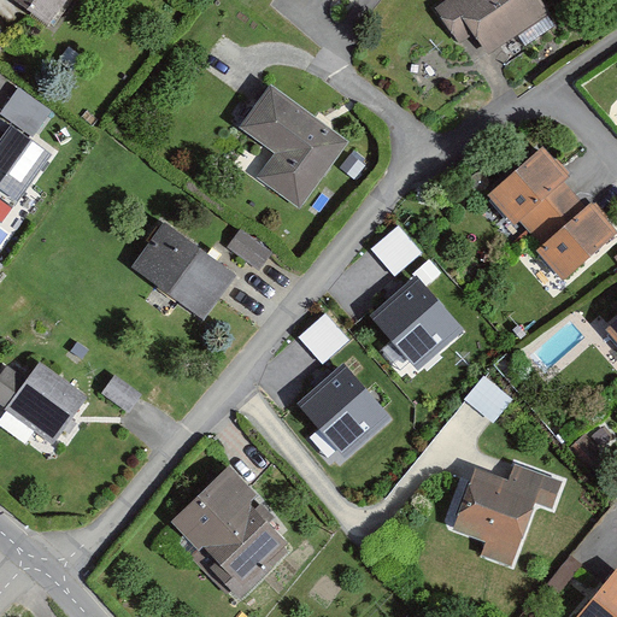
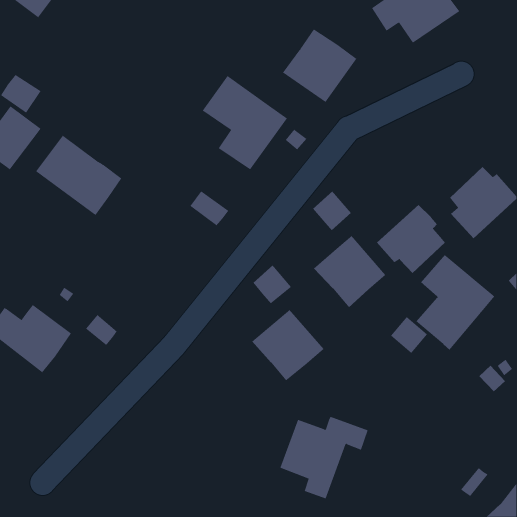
building: none -> [282,29,357,103]
building: [490,152,574,235] -> [376,204,446,274]
building: [130,222,234,318] -> [35,135,122,216]
building: none -> [415,254,495,350]
building: [453,465,559,564] -> [279,416,369,499]
building: [172,470,284,595] -> none

